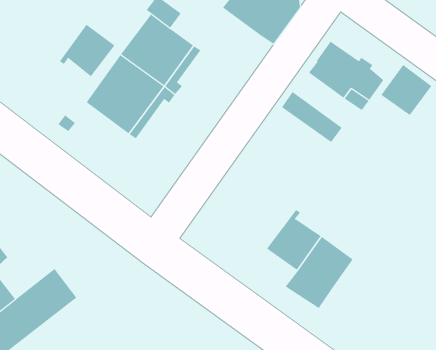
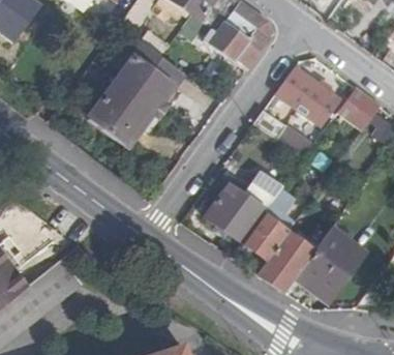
building: [59,24,115,77] -> none
building: none -> [204,171,282,242]
building: none -> [297,230,362,299]

